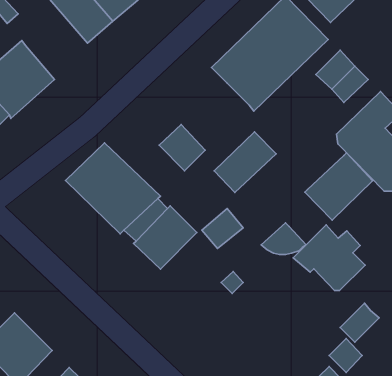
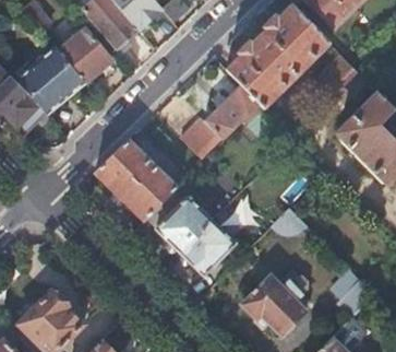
building: none -> [59,27,111,80]
building: [214,132,276,193] -> [204,83,260,138]
building: [305,153,373,220] -> none
building: [293,225,365,291] -> [241,273,305,332]
building: none -> [180,218,236,273]

